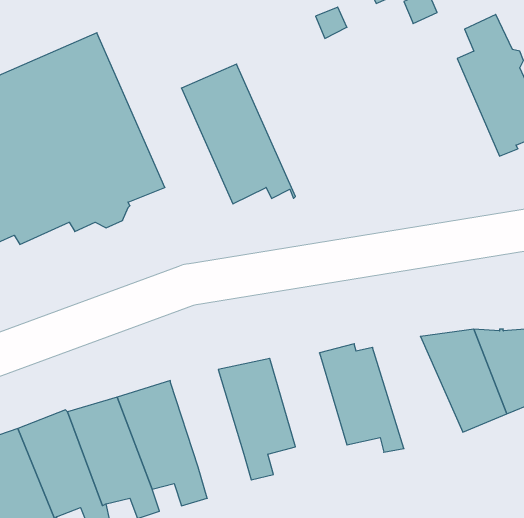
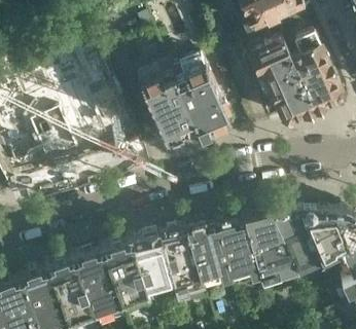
building: none -> [249,46,314,131]
building: none -> [170,63,228,143]
building: none -> [243,221,293,284]
building: none -> [185,228,229,287]
building: none -> [130,240,171,294]

